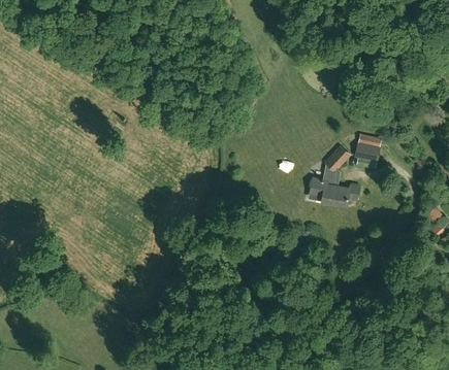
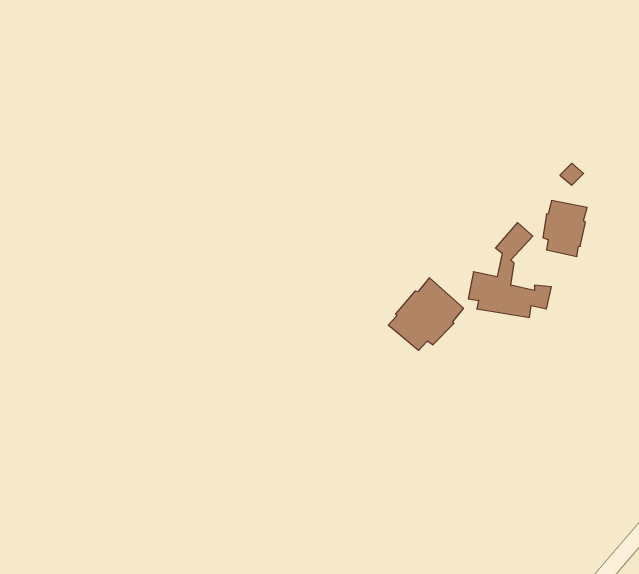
building: none -> [388,278,463,350]

